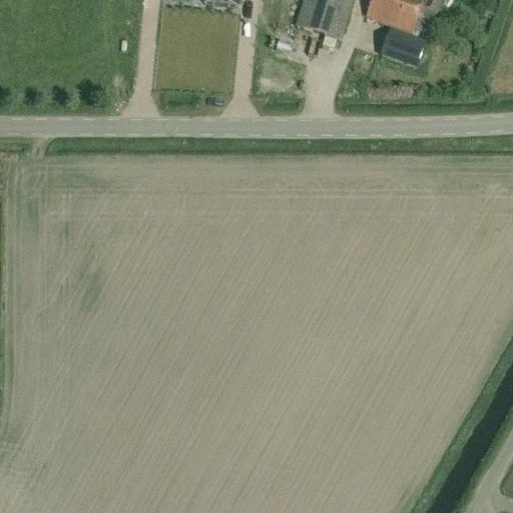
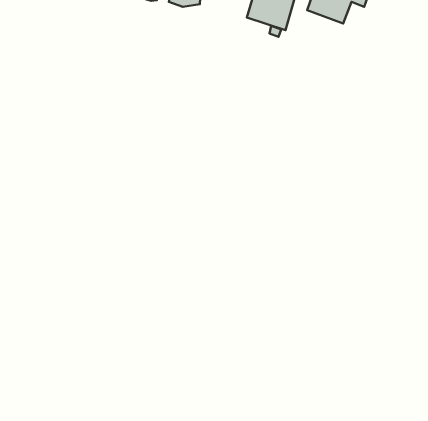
building: [382,26,426,63] -> none

